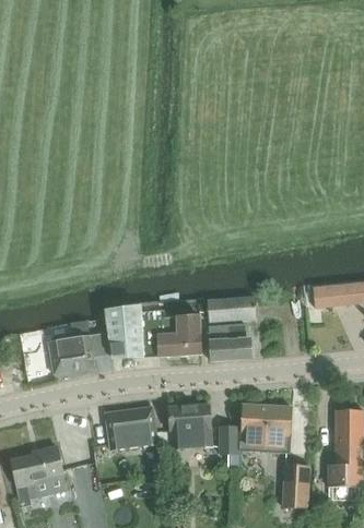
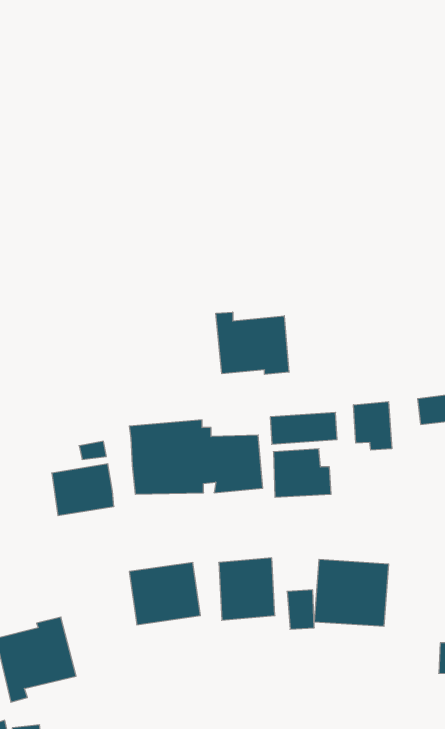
building: none -> [216,312,289,374]
building: none -> [354,402,392,450]
building: [283,465,309,508] -> none

